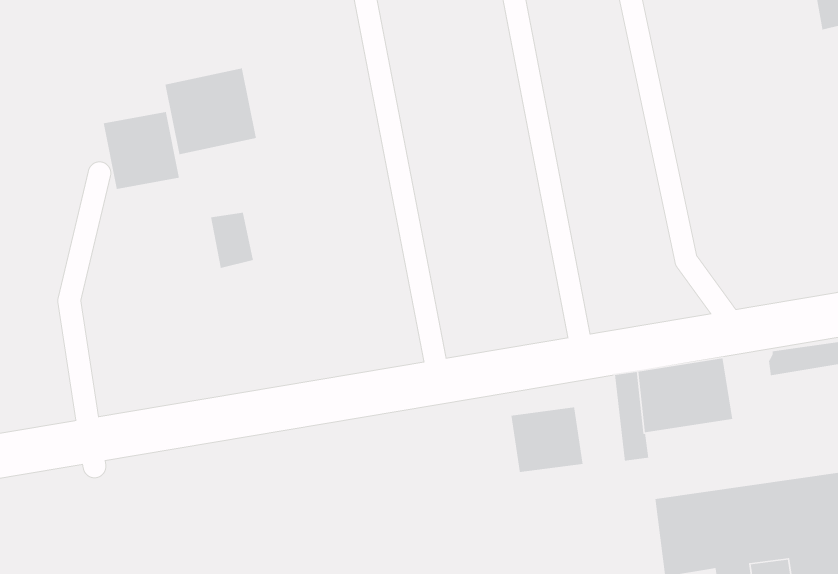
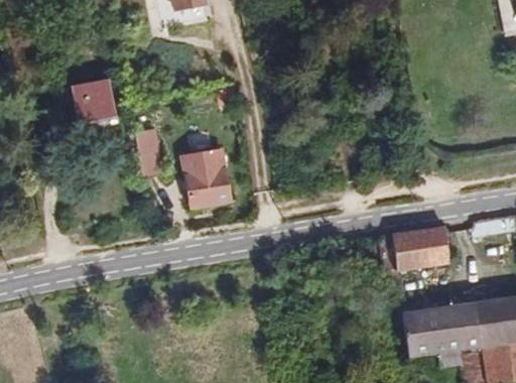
building: [165,67,257,155] -> none
building: none -> [182,150,231,207]
building: [511,407,583,473] -> none

